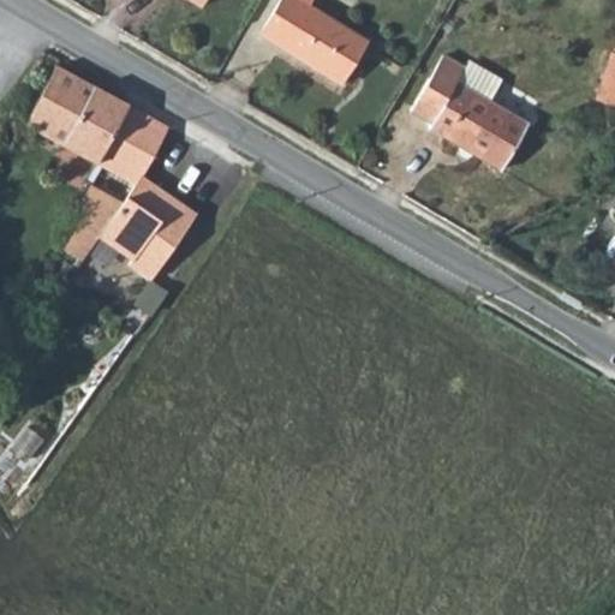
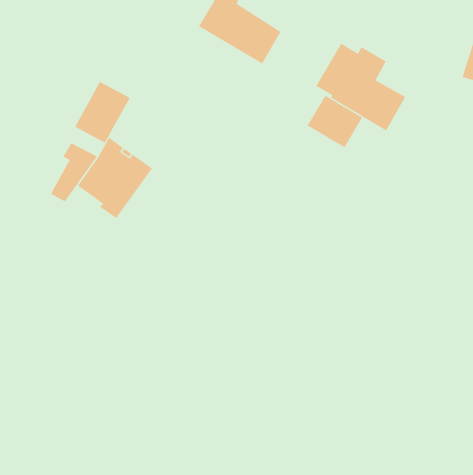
building: [29,66,132,163] -> none
building: none -> [307,95,363,148]

